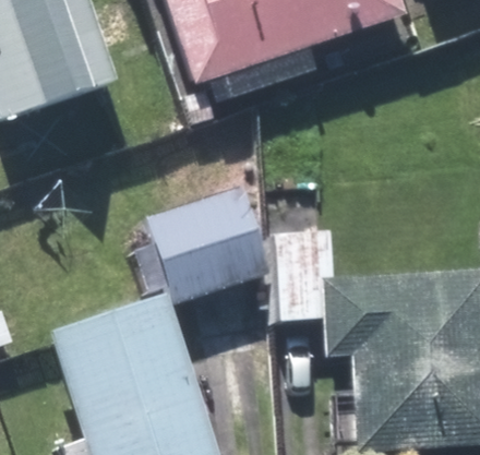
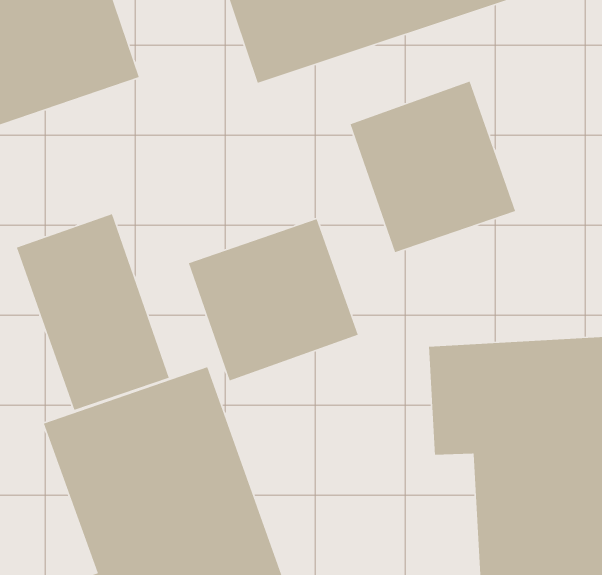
building: none -> [350,81,516,253]
building: none -> [16,213,170,411]

